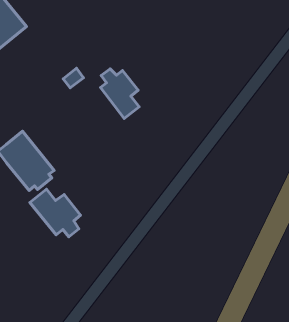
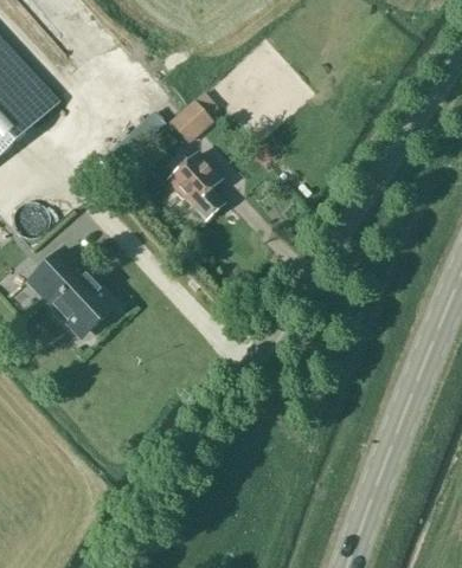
building: none -> [167,97,212,142]
building: [30,189,81,237] -> none

